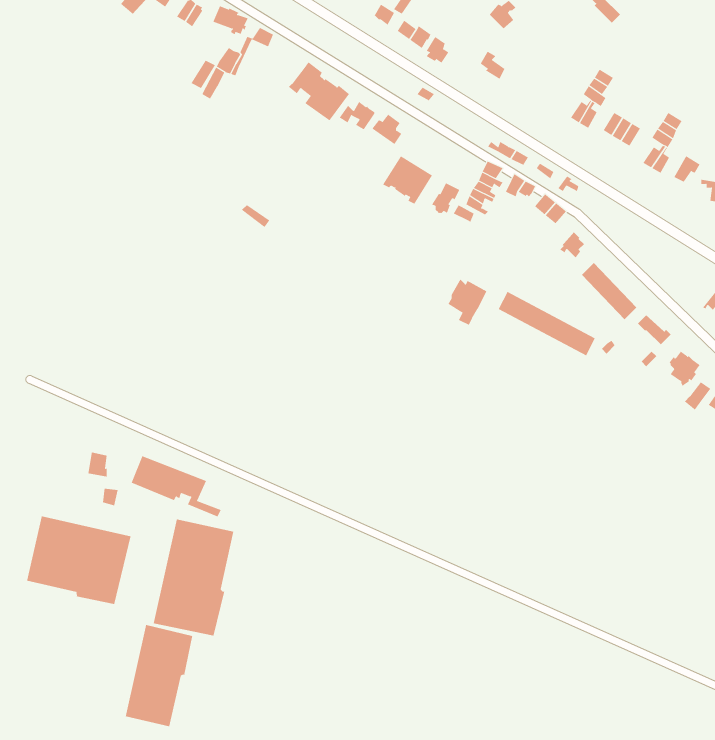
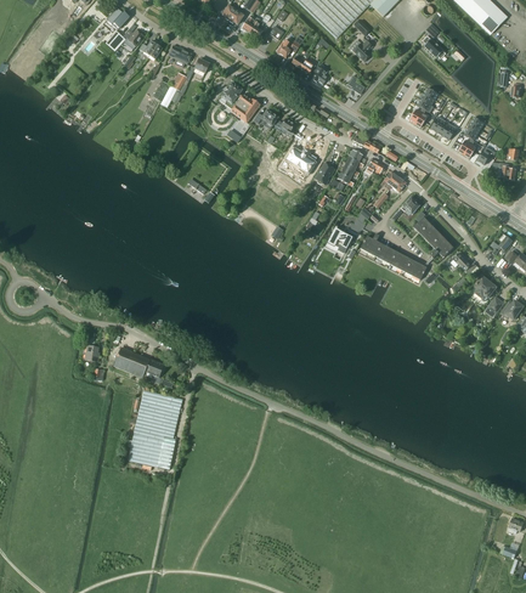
building: [27,516,131,605] -> none
building: [125,624,193,727] -> none

